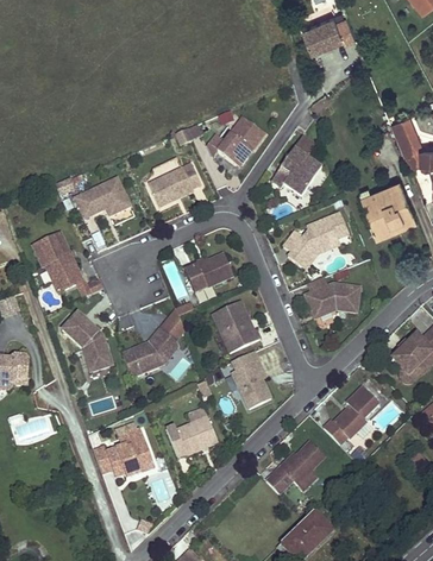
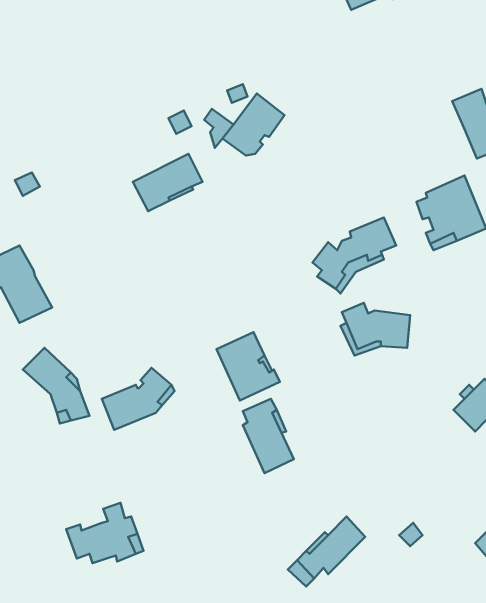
building: [271,150,322,198] -> none
building: [74,178,130,221] -> none
building: [182,252,233,291] -> none
building: [324,386,378,445] -> none
building: [170,416,219,455] -> none

